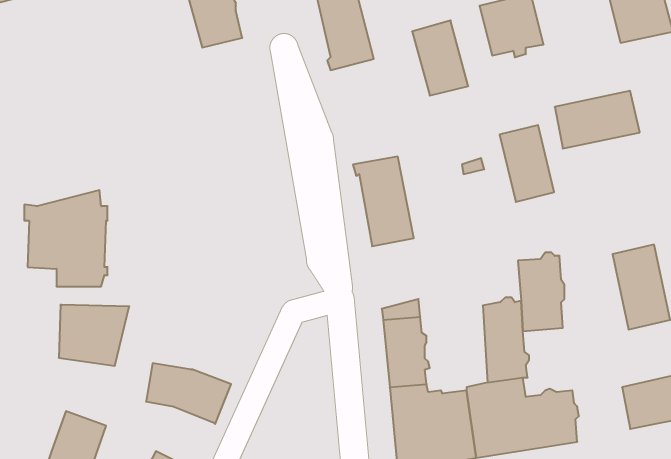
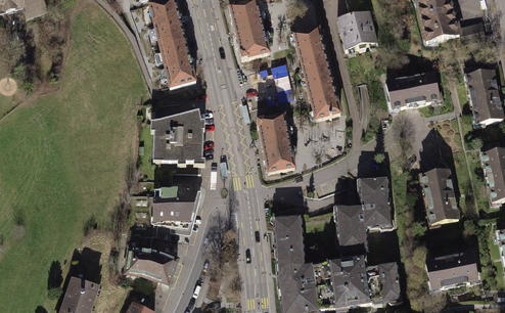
building: none -> [159,38,195,87]
building: [500,125,554,202] -> [305,69,339,118]
building: [24,190,108,286] -> [151,110,204,172]
building: [59,305,129,366] -> [152,188,197,227]

